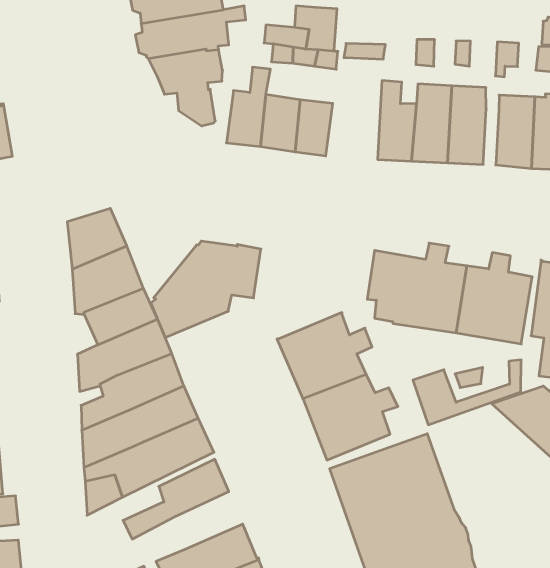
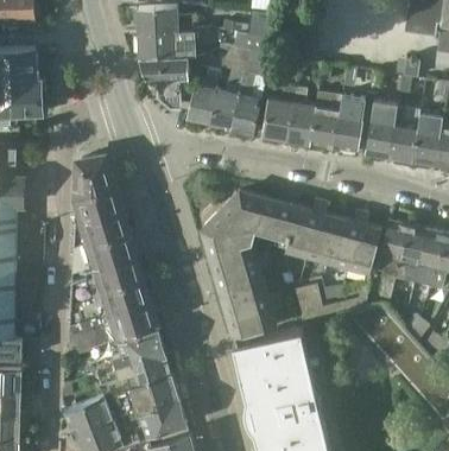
building: none -> [261,88,295,141]
building: [151,241,261,337] -> [201,192,278,254]
building: none -> [96,352,171,388]

